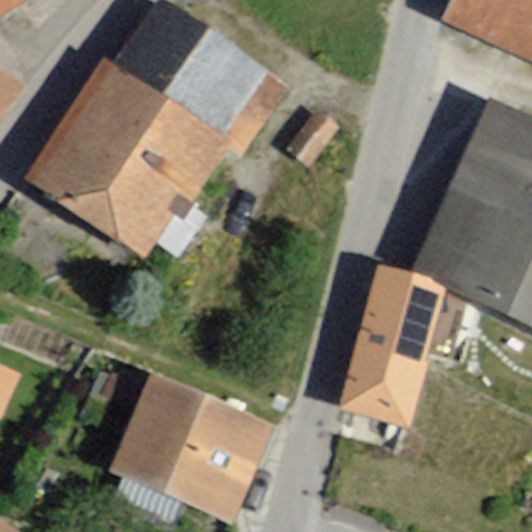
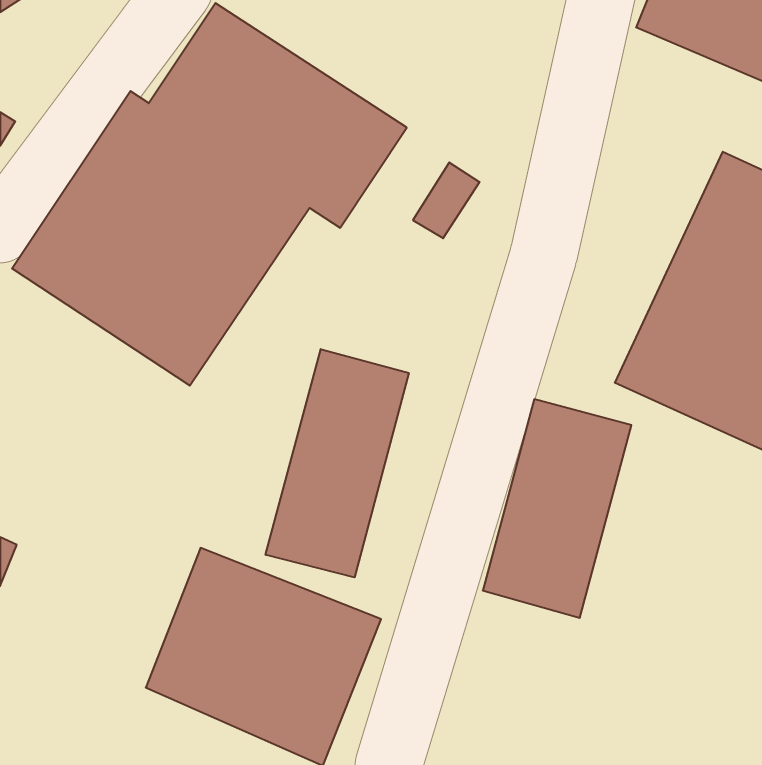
building: none -> [266,349,409,577]

